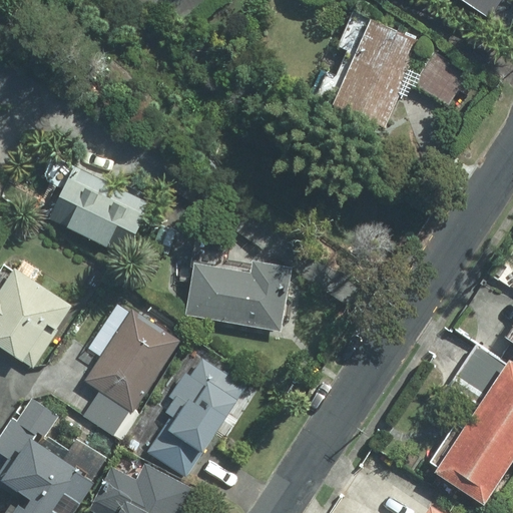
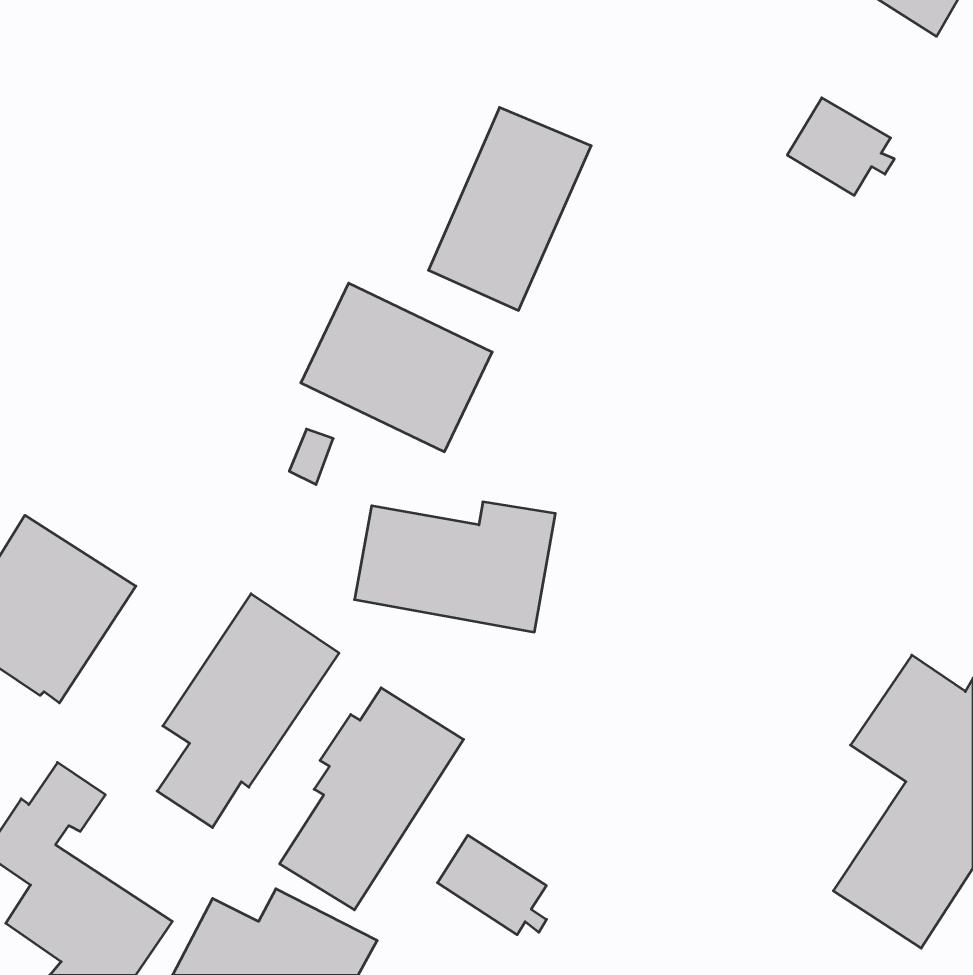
building: [334,20,419,126] -> [428,107,591,310]
building: [49,167,149,255] -> [301,283,492,452]
building: none -> [437,835,547,935]

